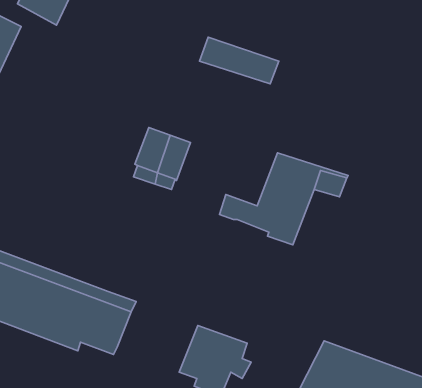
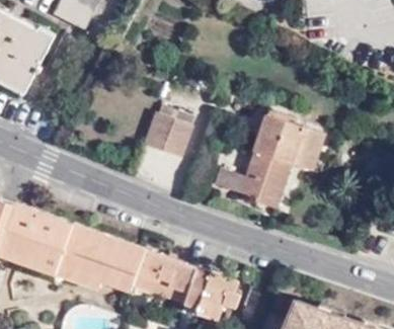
building: [199,37,279,84] -> [259,113,323,151]
building: none -> [131,252,195,309]

